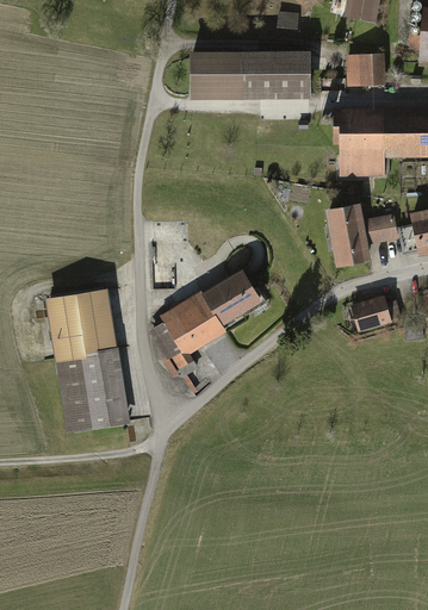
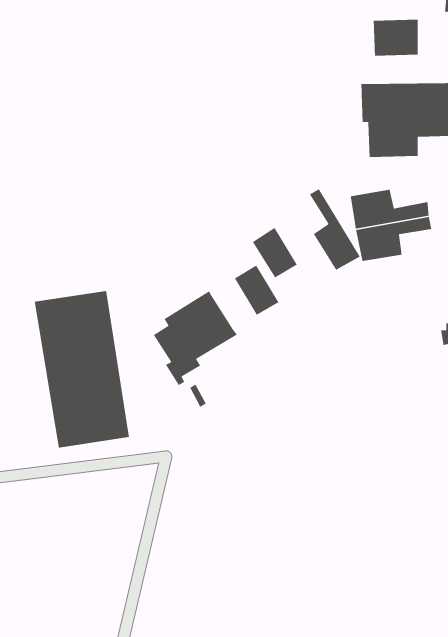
building: [190,52,310,99] -> none
building: none -> [309,188,361,271]
building: [201,281,242,326] -> [252,227,298,278]
building: [351,295,399,331] -> none

